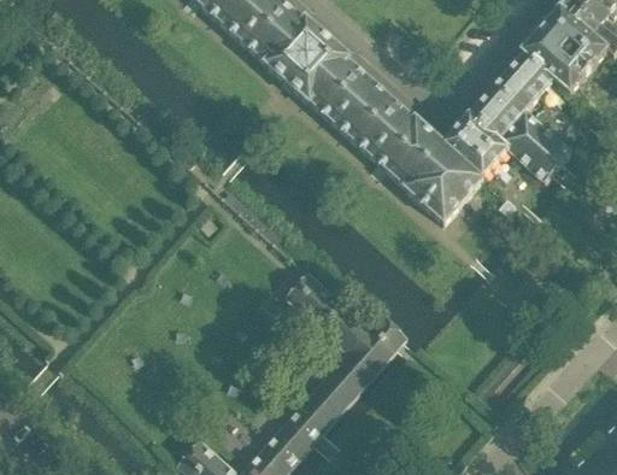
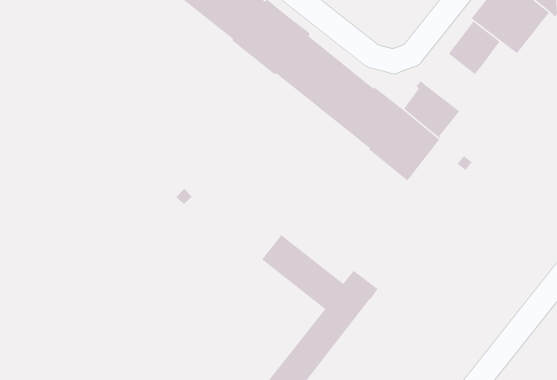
building: [468,90,571,183] -> none

